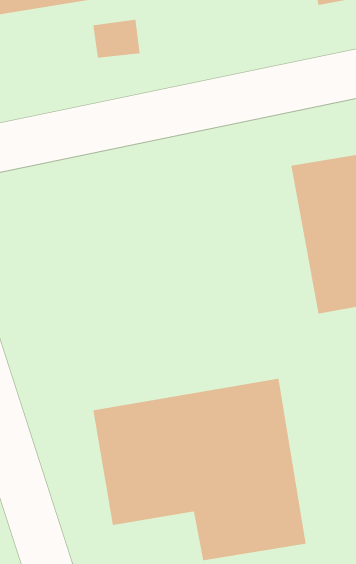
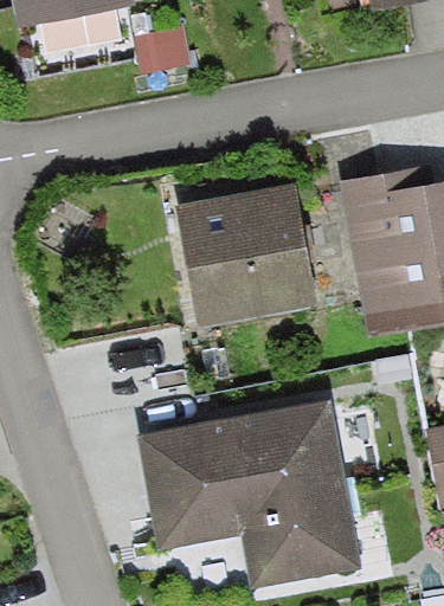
building: none -> [179,186,317,323]

